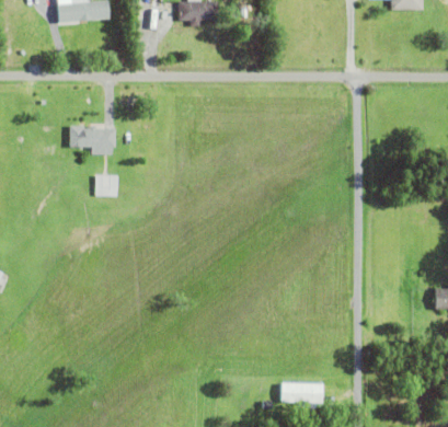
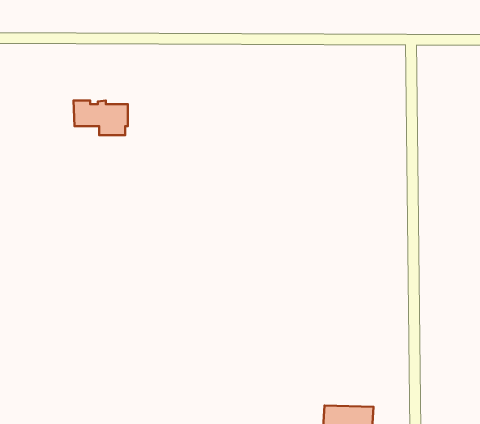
building: [95,174,118,196] -> none

